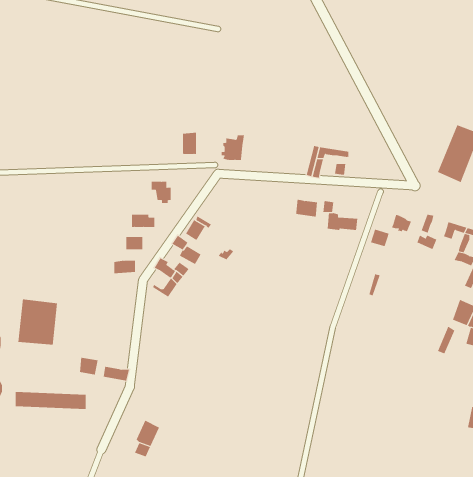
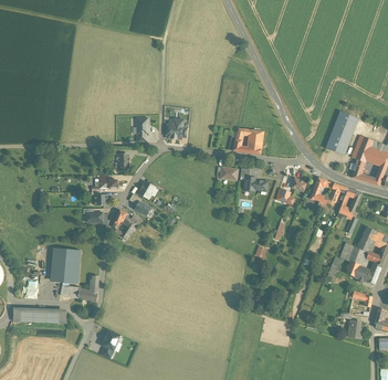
building: [18,299,58,345] -> [50,249,80,283]

